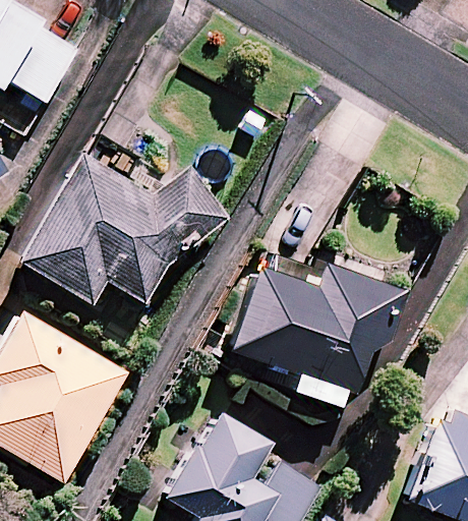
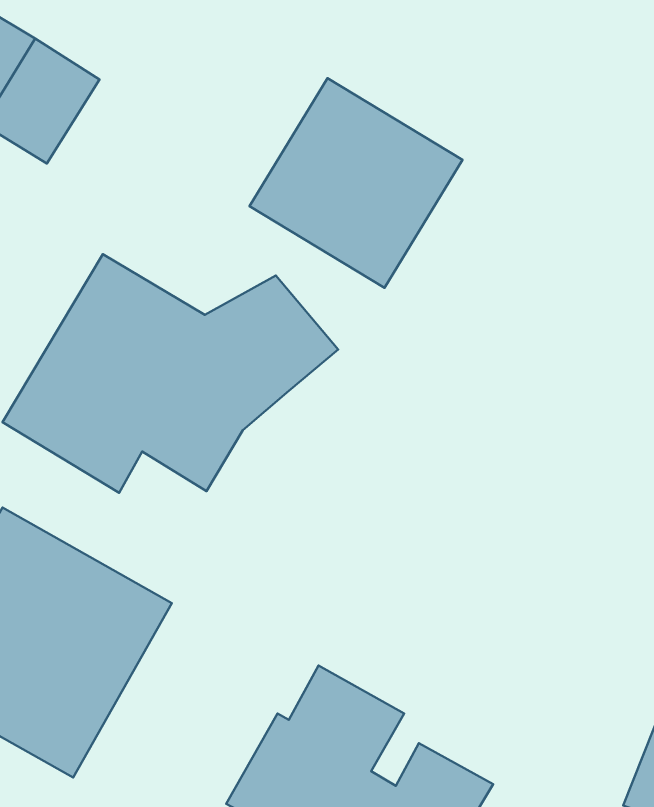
building: none -> [250,78,462,288]
building: [229,258,407,394] -> none

